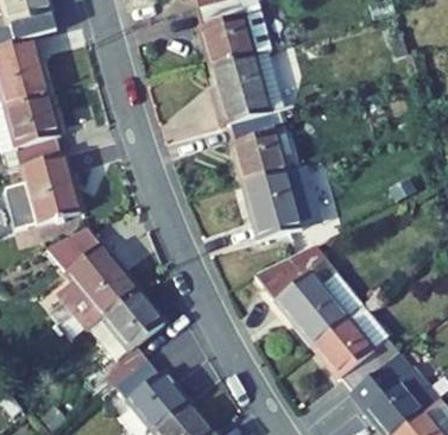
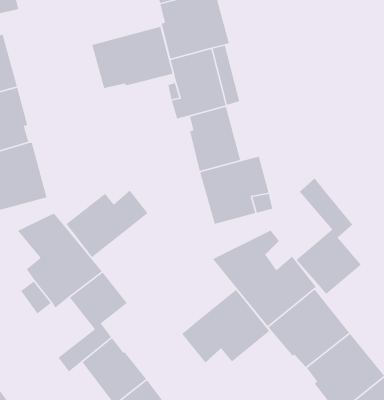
building: none -> [91,26,173,89]
building: none -> [296,178,362,295]
building: none -> [66,189,148,258]
building: none -> [181,289,270,364]

